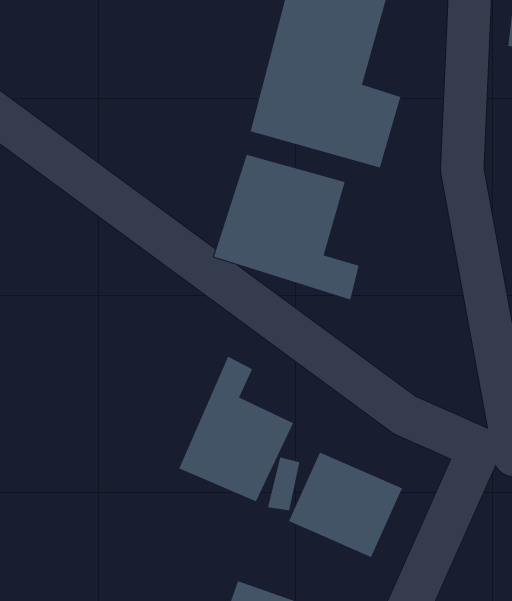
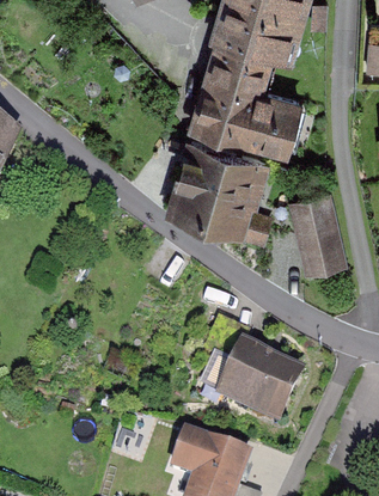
building: none -> [292,194,342,269]
building: [178,356,294,502] -> none

